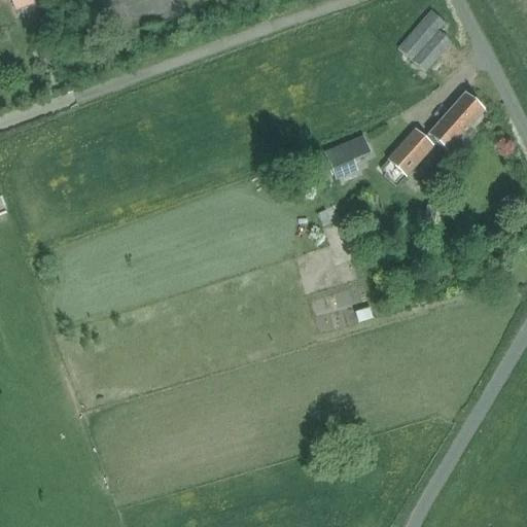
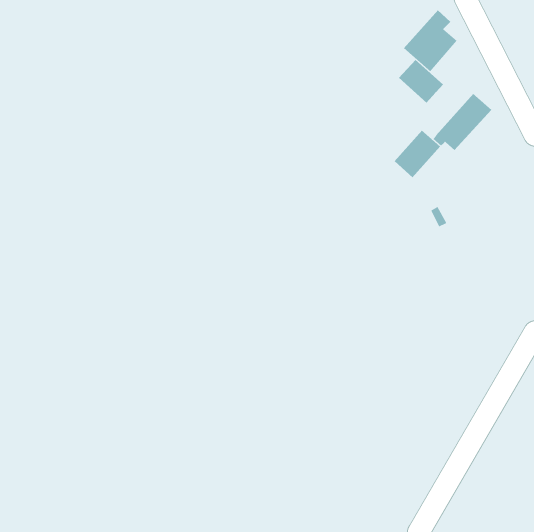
building: none -> [398,59,444,103]
building: [325,135,371,177] -> none

